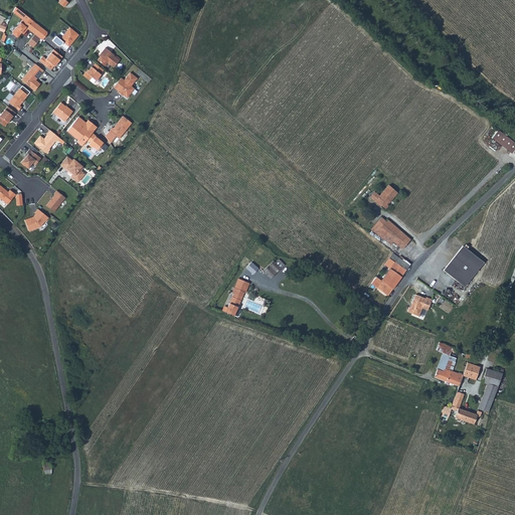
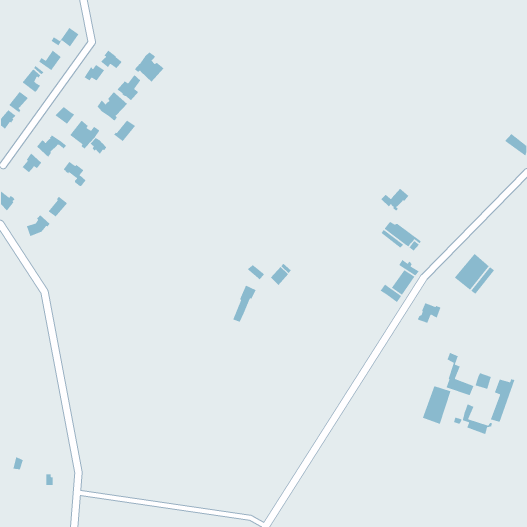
building: [10,14,46,47] -> none
building: none -> [134,51,164,83]
building: none -> [96,91,128,122]
building: none -> [422,385,452,425]

